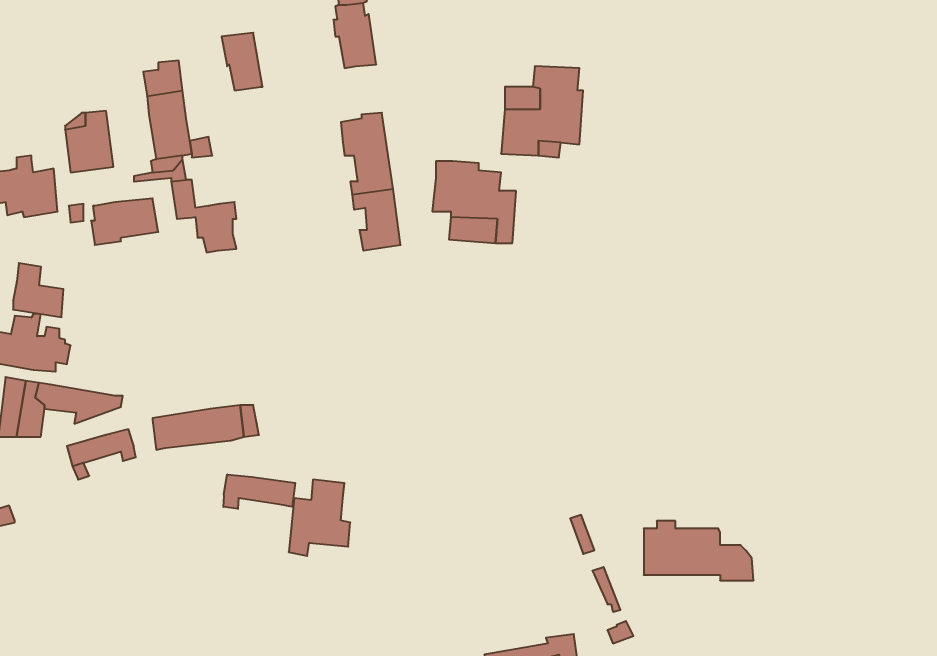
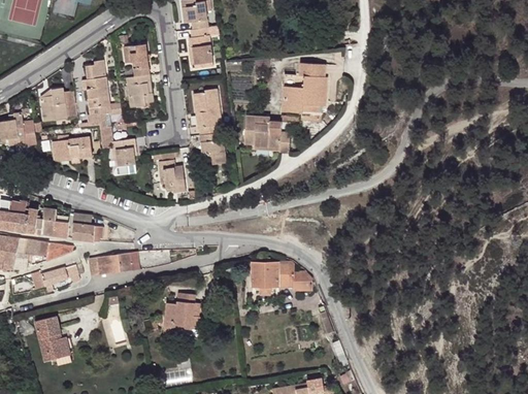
building: none -> [126,74,153,107]
building: none -> [158,159,186,191]
building: [13,263,63,317] -> [41,207,69,237]
building: none -> [73,214,102,241]
building: [223,474,295,509] -> none
building: [644,521,754,580] -> [252,257,312,290]
building: none -> [35,316,71,365]

